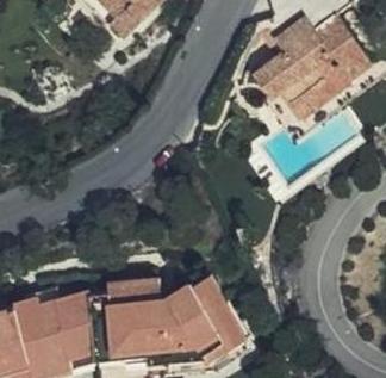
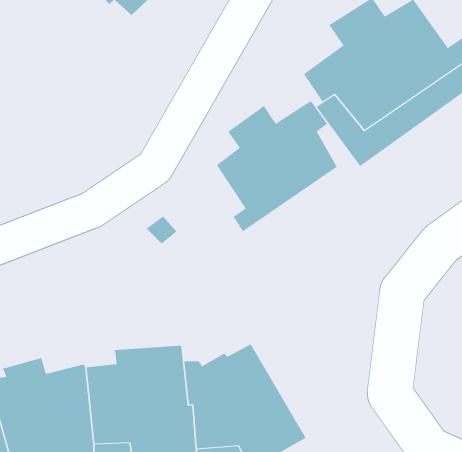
building: none -> [216,100,337,232]

